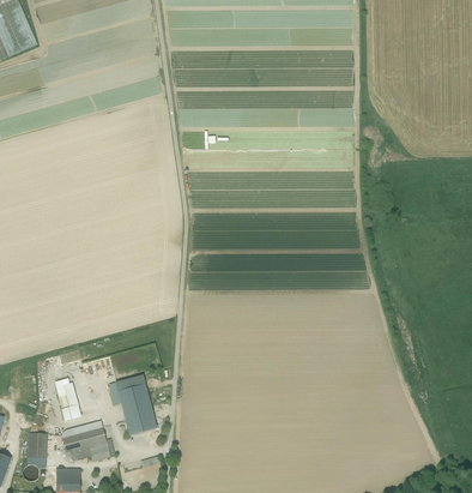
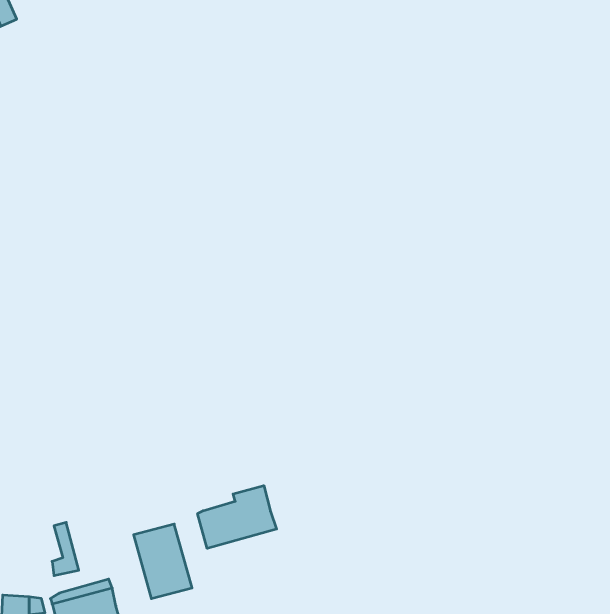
building: none -> [198,486,277,548]

